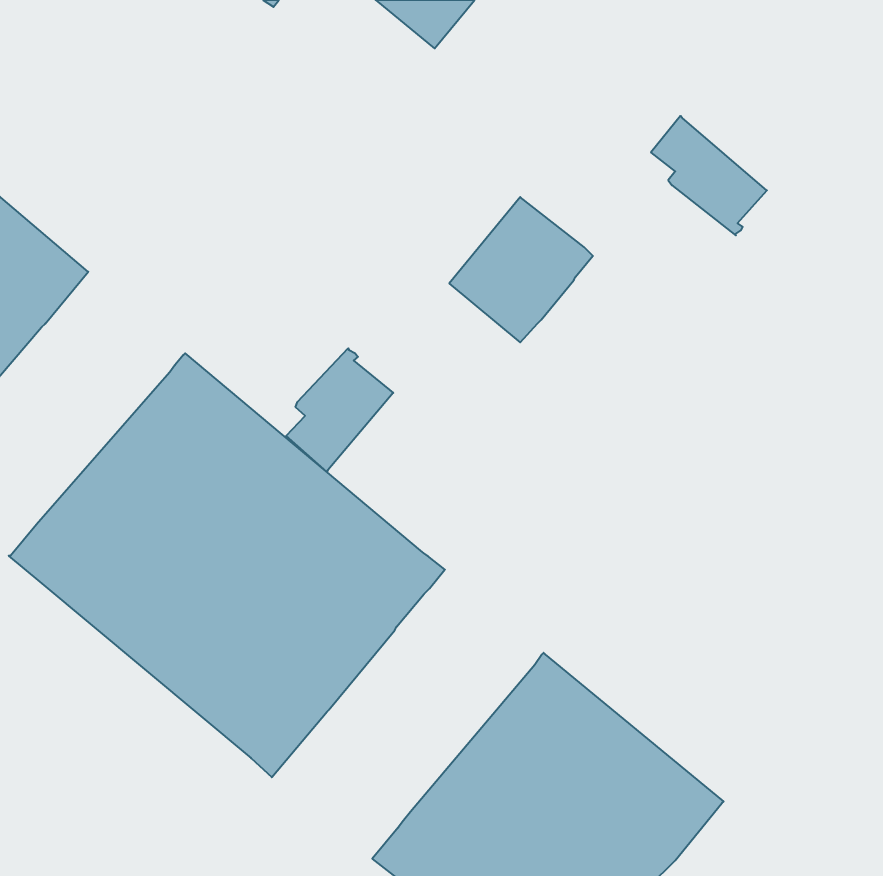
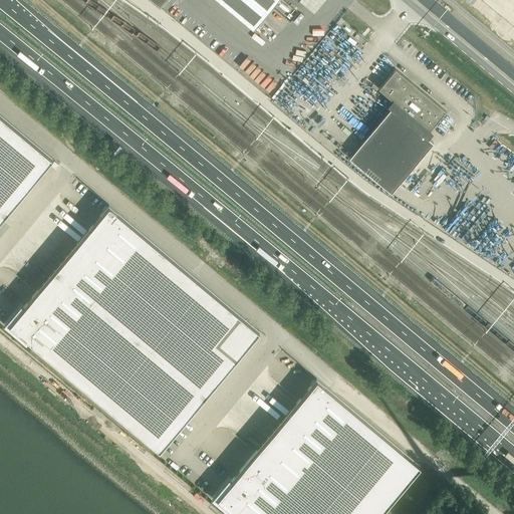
building: [449,197,593,342] -> [348,112,432,197]
building: [286,348,393,472] -> none

